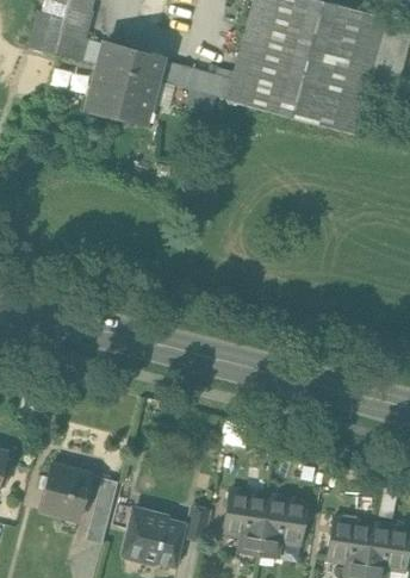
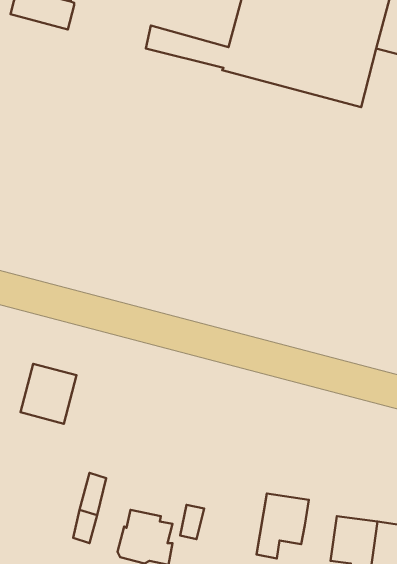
building: [81,41,160,123] -> none
building: [38,465,91,521] -> [20,364,76,424]
building: [222,491,267,554] -> none

